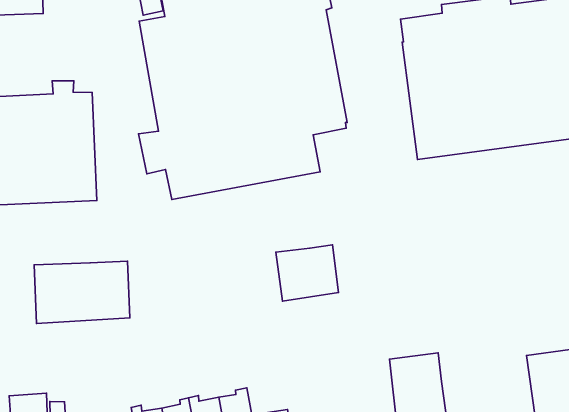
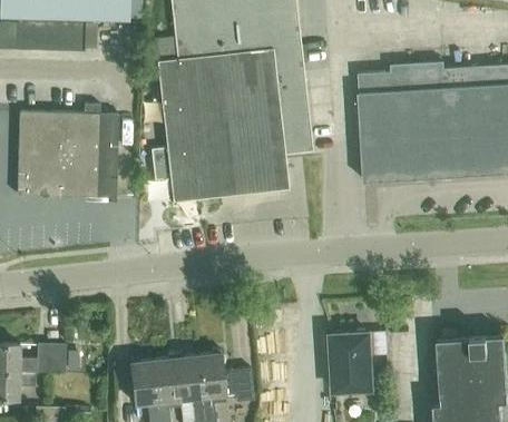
building: [276,245,339,301] -> none
building: [34,261,130,323] -> none

